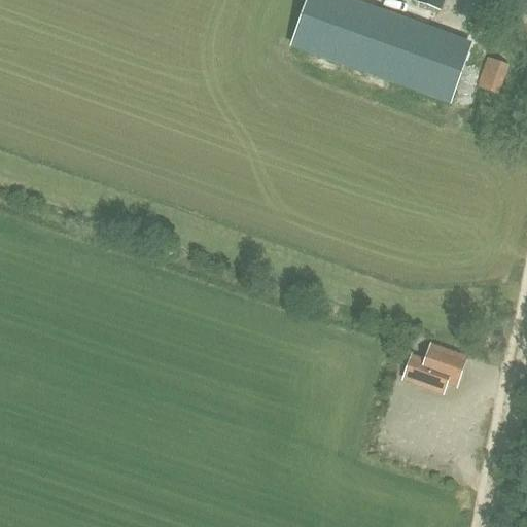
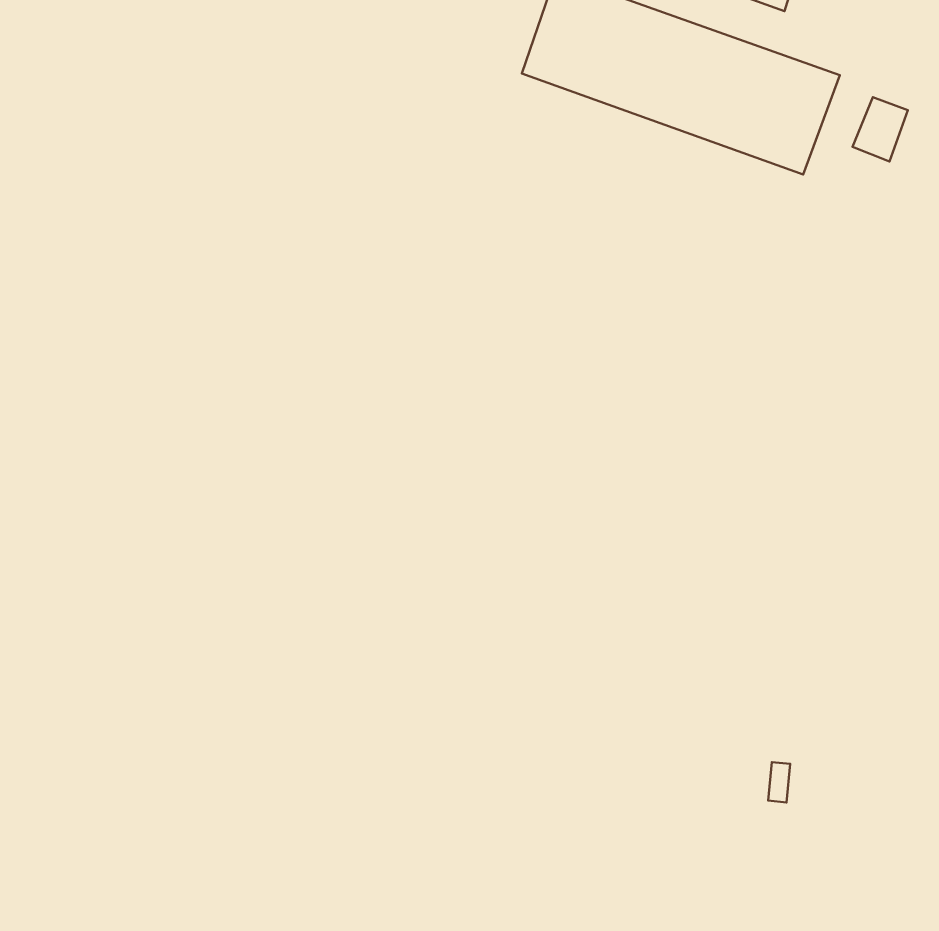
building: [403,348,464,389] -> none

